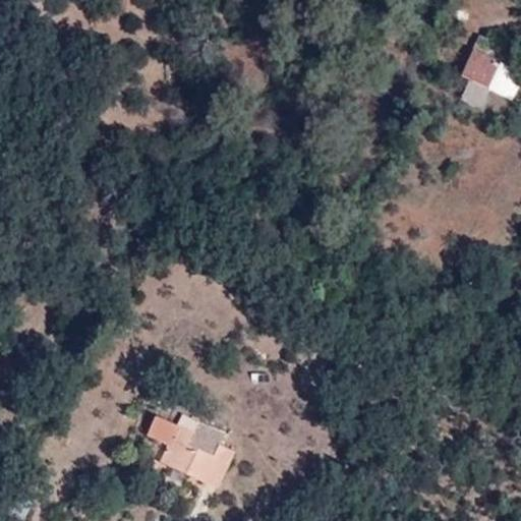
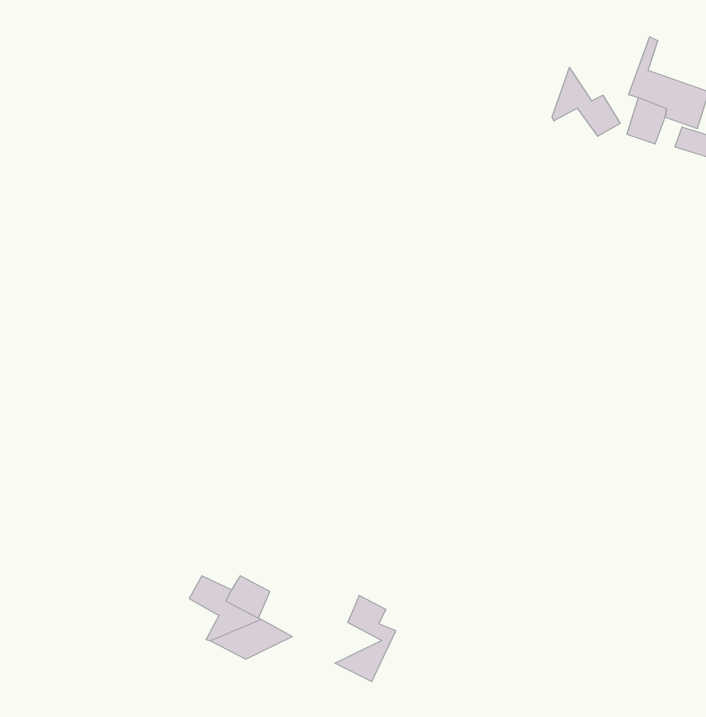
building: none -> [552,67,620,136]
building: [188,426,232,488] -> [335,595,396,682]

